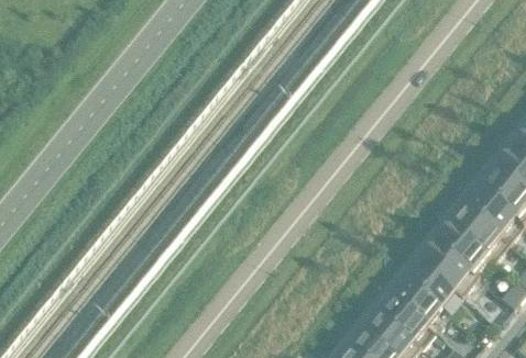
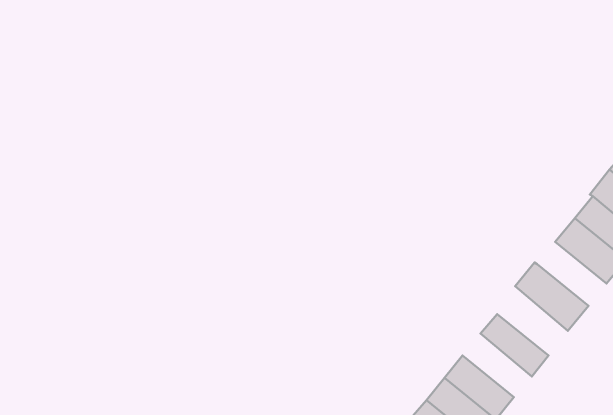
building: [449,201,504,251] -> none
building: [415,236,473,291] -> none
building: [390,273,445,324] -> none

